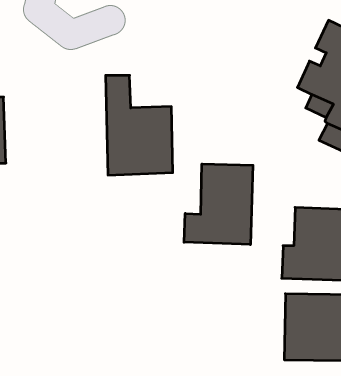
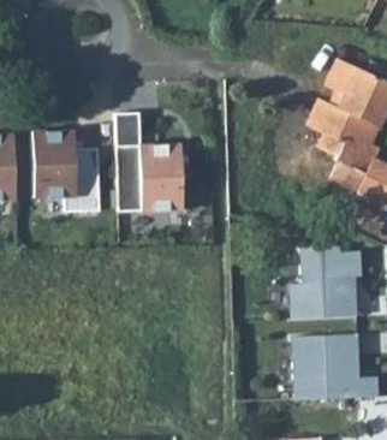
building: none -> [32,131,100,212]
building: [184,164,253,245] -> none

